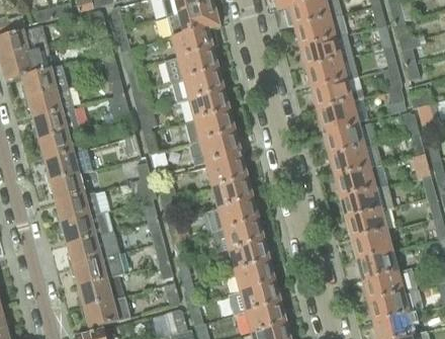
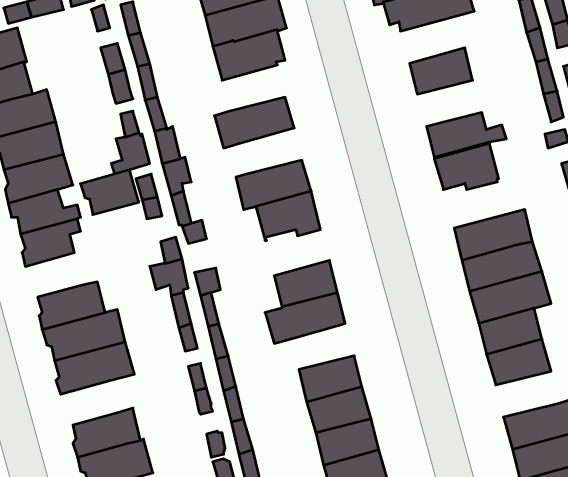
building: [294,15,348,50] -> none
building: [167,51,218,84] -> none
building: [305,58,358,91] -> none
building: [188,92,230,122] -> none
building: [323,124,376,158] -> none
building: [205,159,248,189] -> none
building: [48,174,86,203] -> [80,170,139,215]
building: [223,221,264,251] -> none
building: [357,252,398,282] -> none
building: [71,254,125,287] -> none

